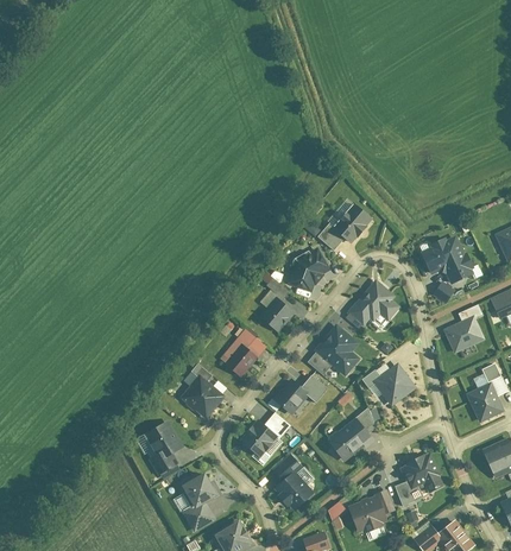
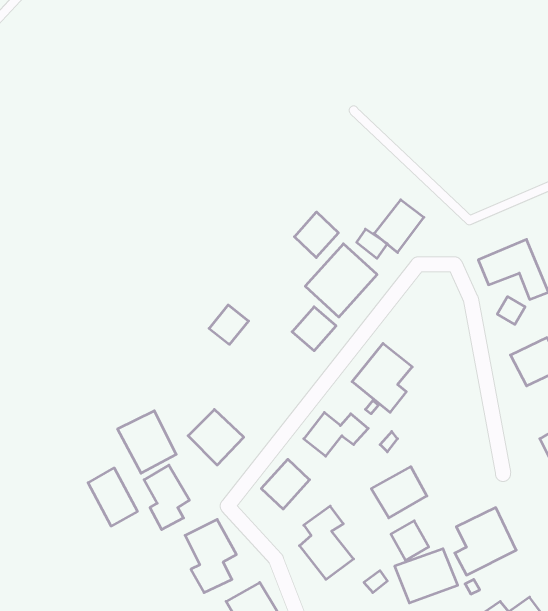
building: none -> [294,212,338,258]
building: [347,277,399,324] -> none
building: [231,335,263,367] -> [209,305,249,344]
building: [372,362,416,406] -> none
building: none -> [118,411,176,473]
building: none -> [88,468,137,526]
building: none -> [391,521,429,560]

